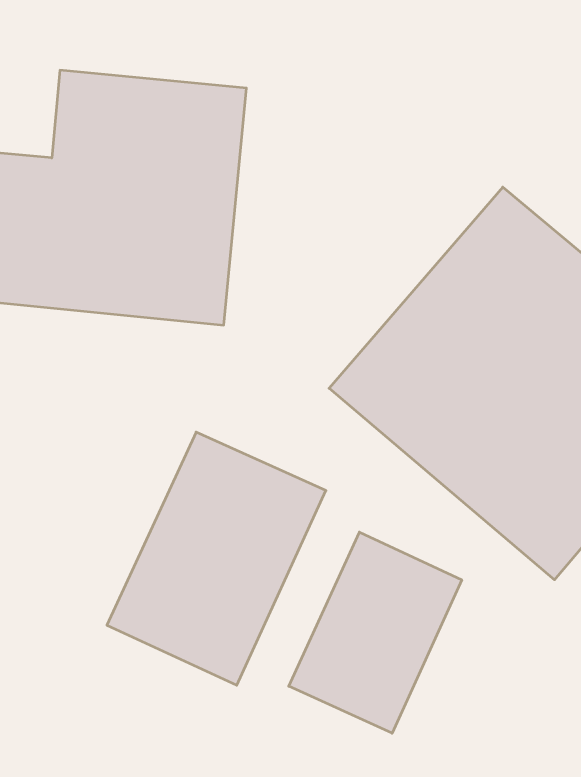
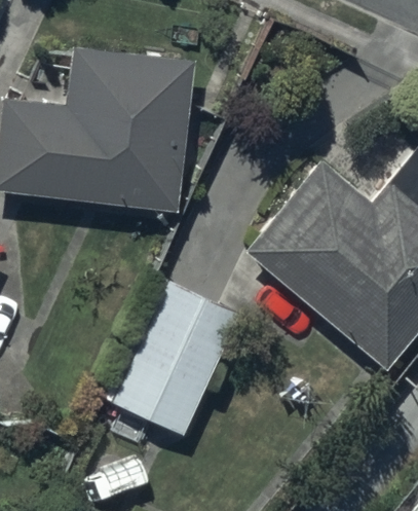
building: [289,532,462,733] -> none

